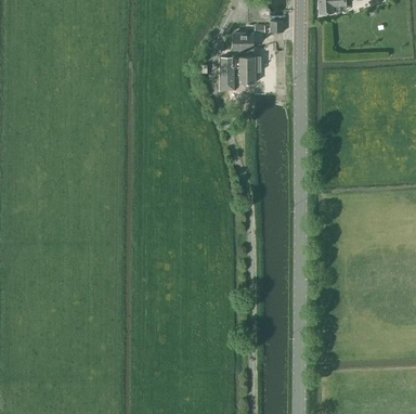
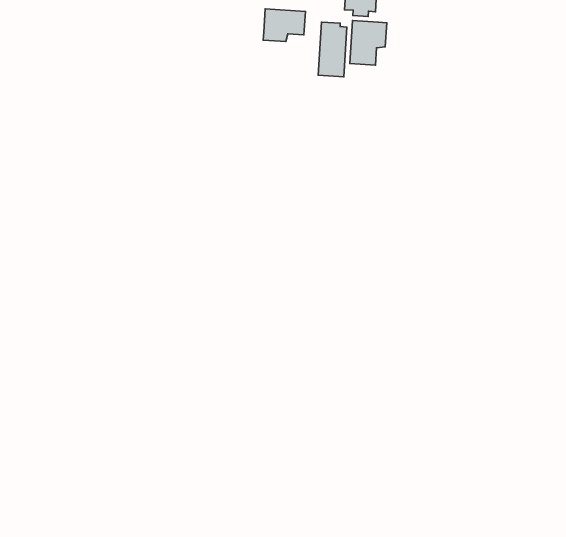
building: none -> [263,9,305,42]

